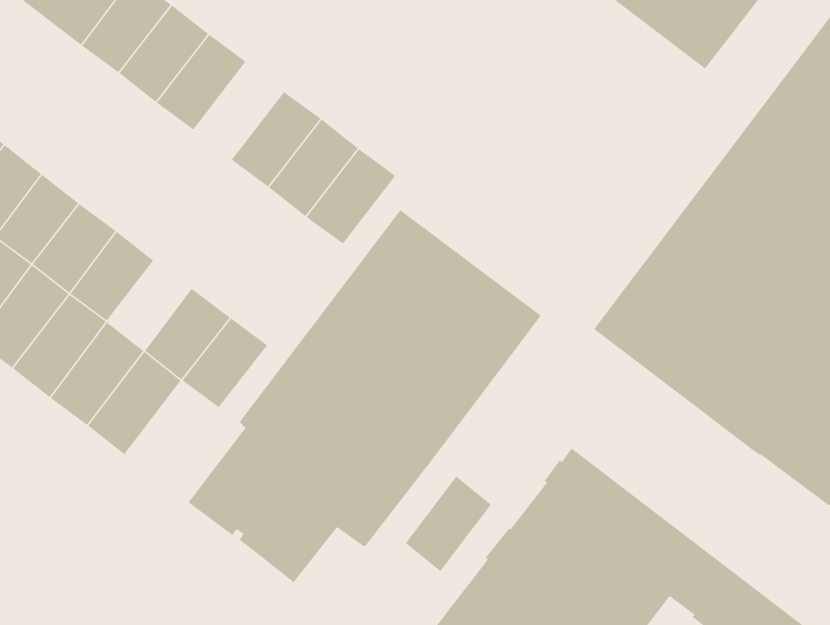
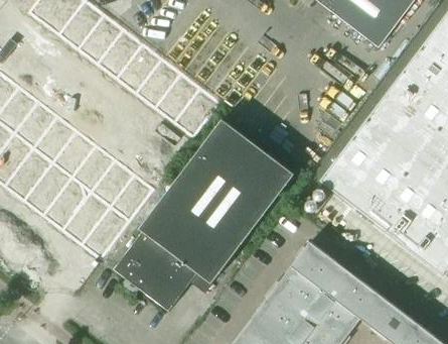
building: none -> [117,42,163,93]
building: none -> [72,144,116,191]
building: none -> [82,206,130,258]
building: [405,476,492,572] -> none

